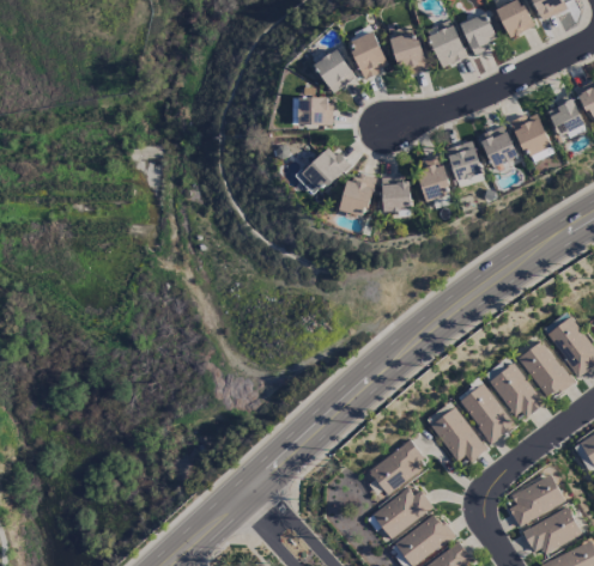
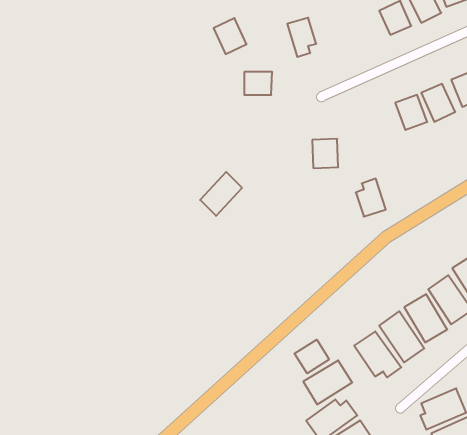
building: [428,24,467,68] -> none
building: [389,30,426,75] -> none
building: [315,49,354,92] -> [214,18,247,54]
building: [446,140,484,182] -> none
building: [297,145,347,197] -> [200,172,242,216]
building: [416,156,451,201] -> [356,179,386,217]
building: [340,175,374,217] -> none
building: none -> [295,340,329,373]

